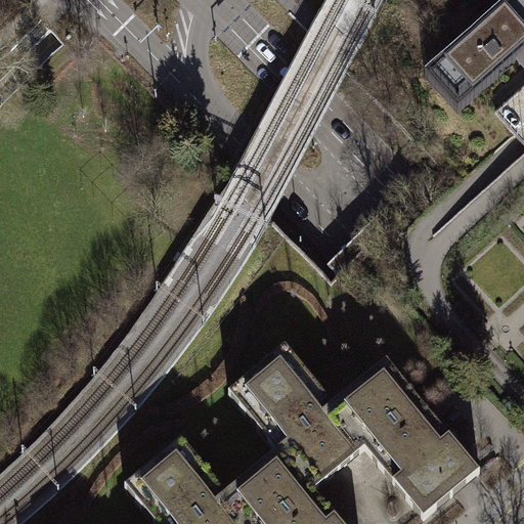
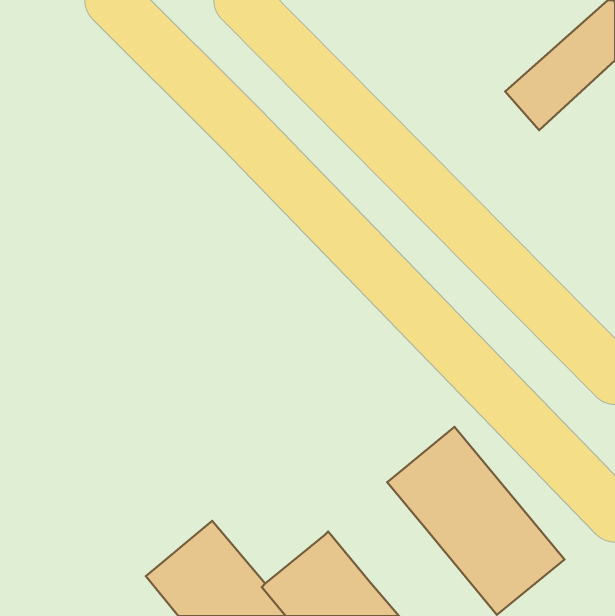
building: [227,349,363,493] -> none

